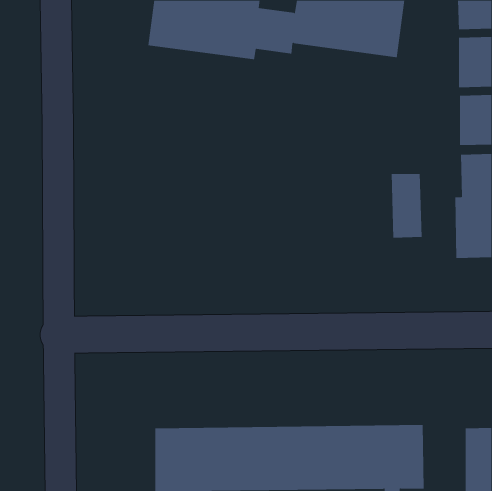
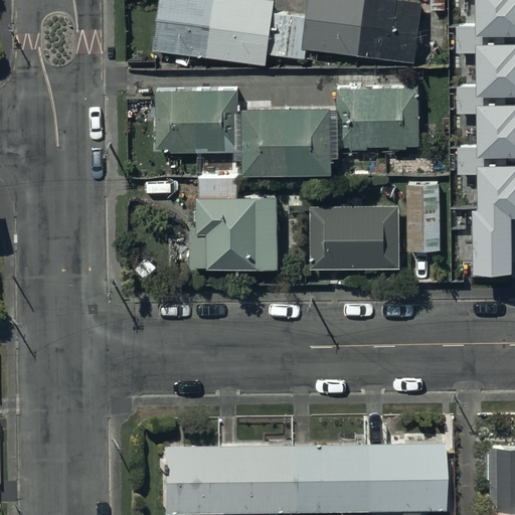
building: none -> [155,87,420,173]
building: none -> [190,195,279,268]
building: none -> [311,206,400,269]

